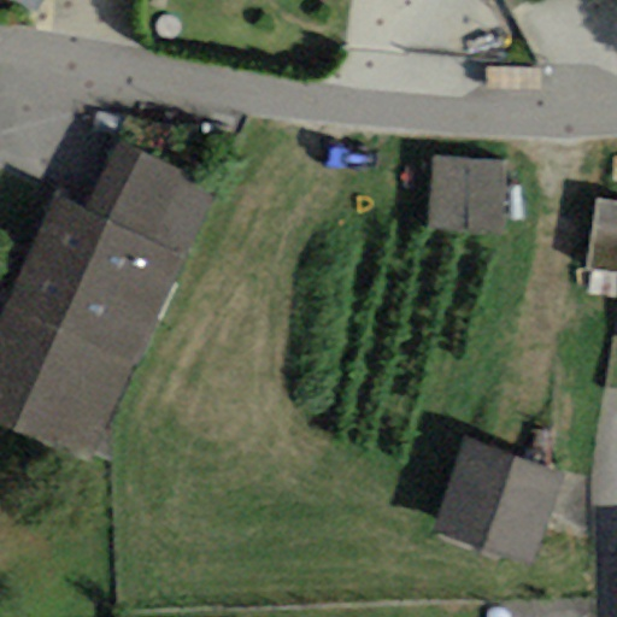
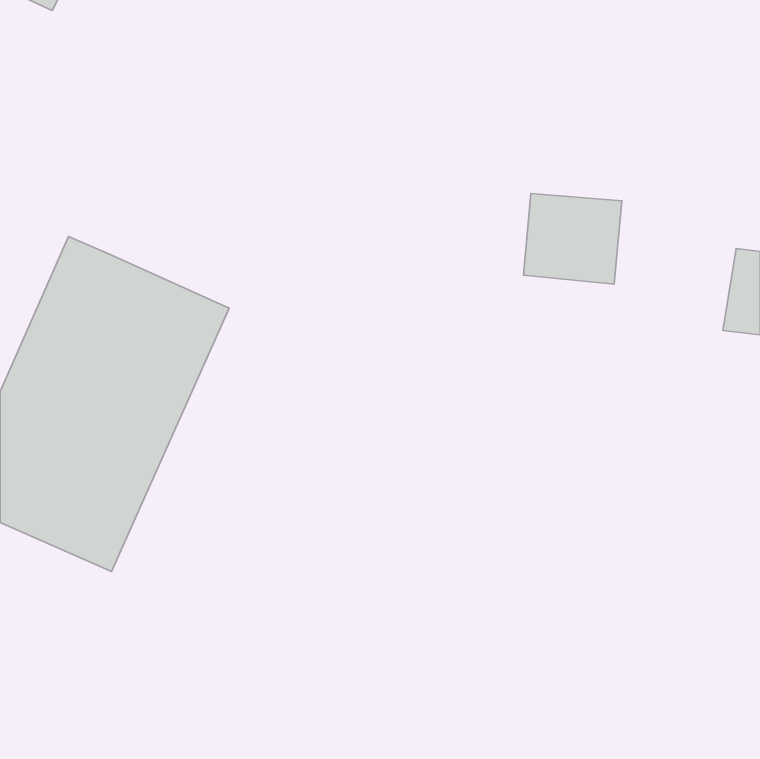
building: [87,141,215,249] -> none
building: [433,440,563,566] -> none

